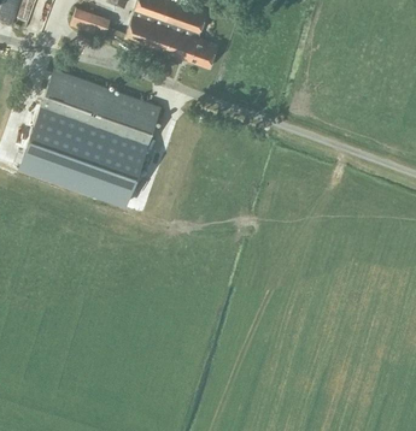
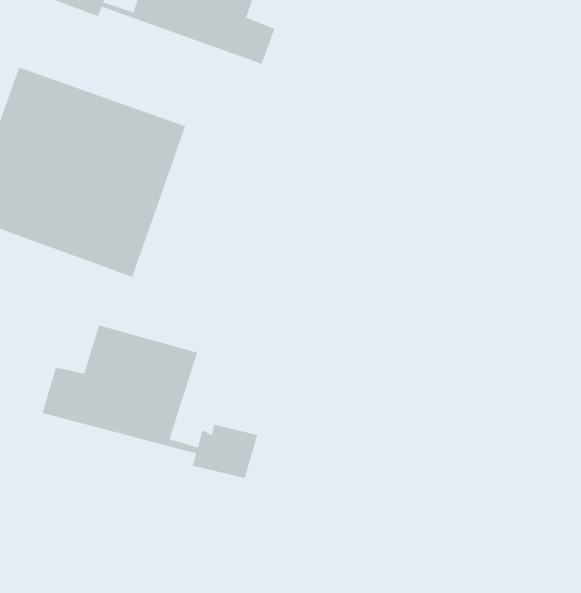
building: none -> [42,324,258,479]

